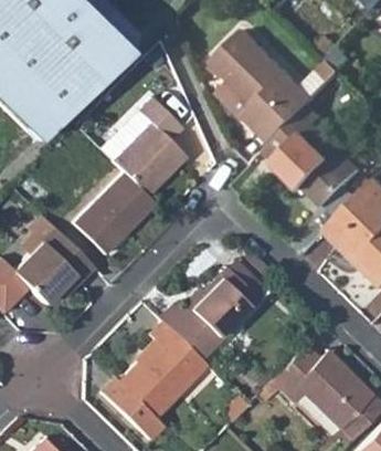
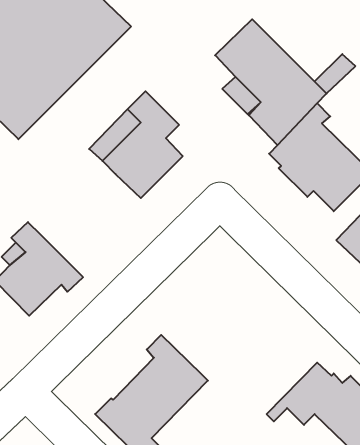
building: [73,171,154,252] -> none
building: [165,263,261,356] -> none

